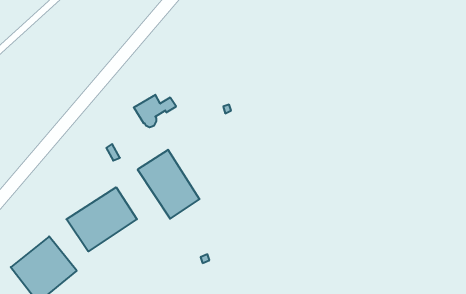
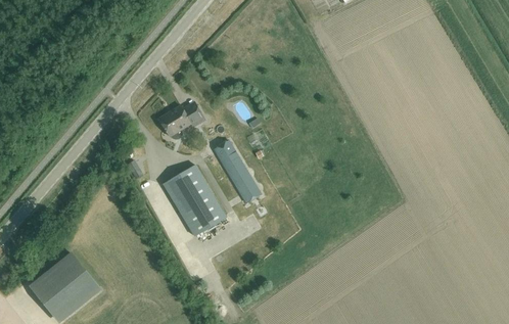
building: none -> [215,140,263,202]
building: [66,187,137,251] -> none

